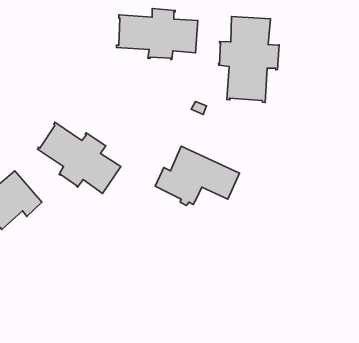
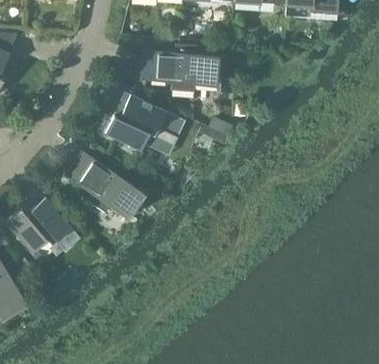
building: [218,17,279,103] -> none
building: [155,146,240,206] -> [104,95,184,152]

